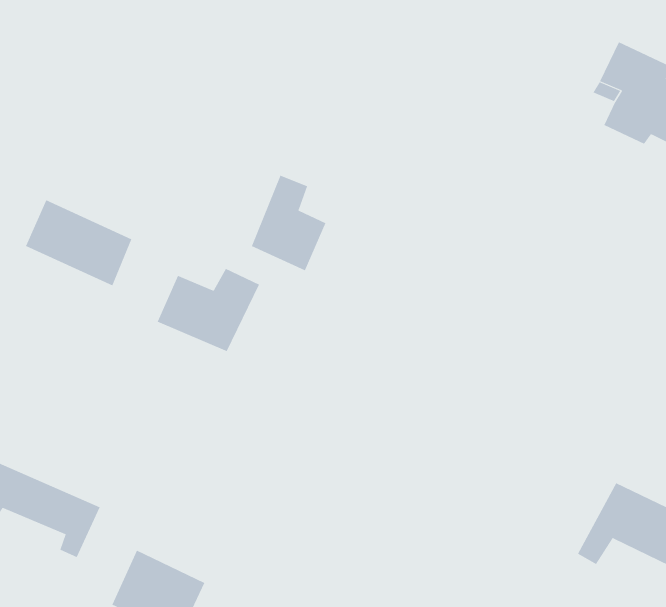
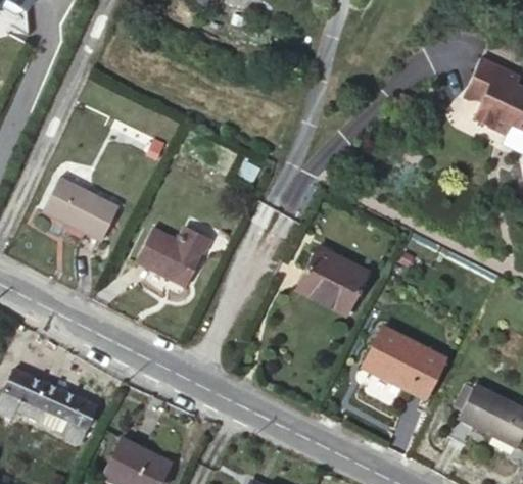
building: [251,175,326,271] -> none
building: none -> [298,253,369,318]
building: none -> [367,335,447,402]

